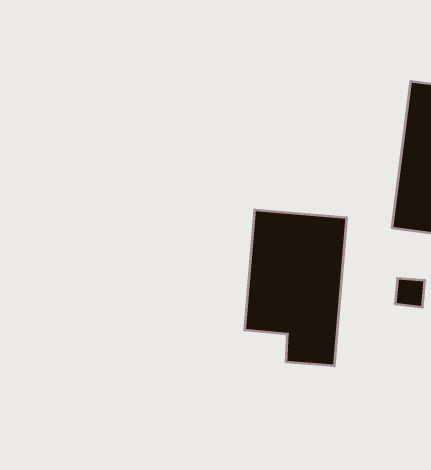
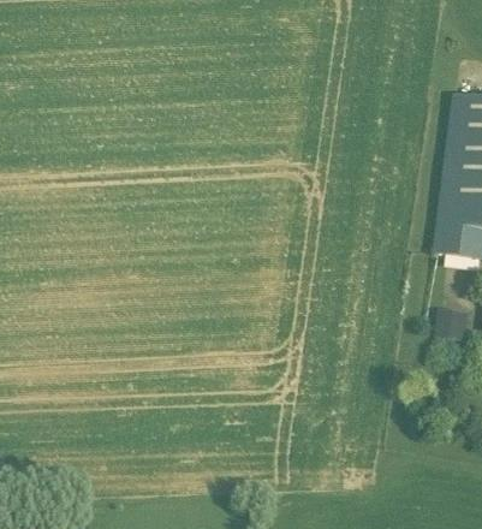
building: [245,210,347,366] -> none

